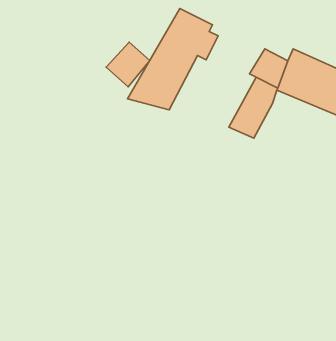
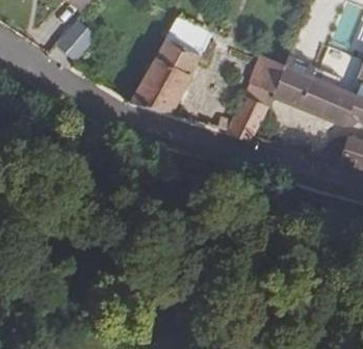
building: [106,42,150,87] -> [54,20,96,62]

